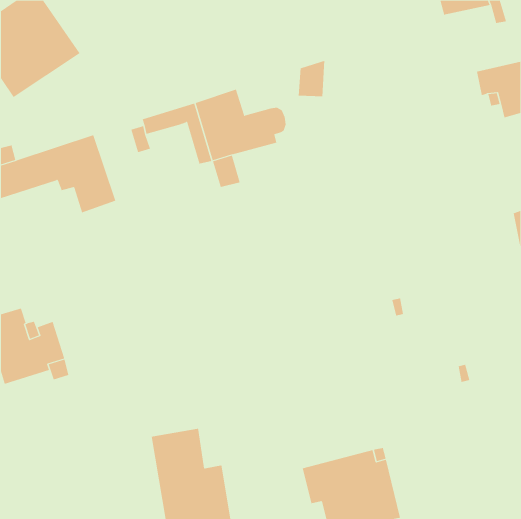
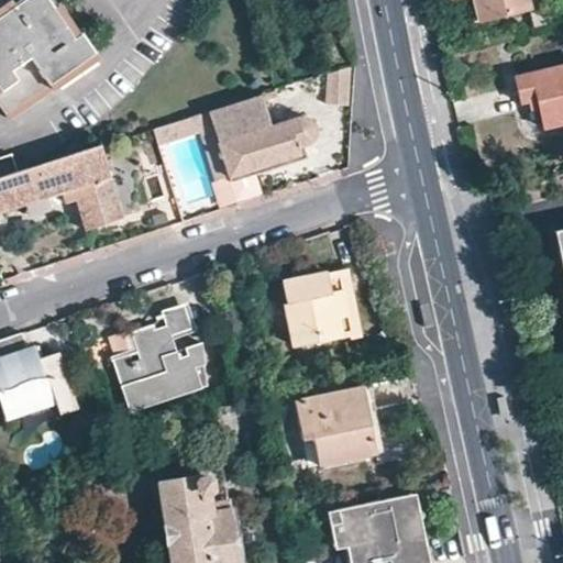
building: none -> [280,269,362,349]
building: none -> [112,309,203,413]
building: none -> [296,383,377,466]

